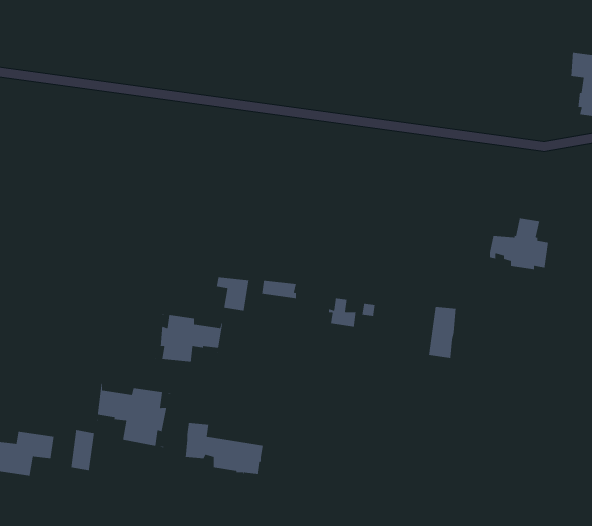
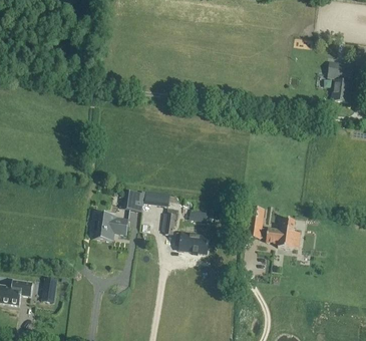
building: [489,217,549,270] -> [266,219,300,249]
building: [96,383,171,448] -> none
building: [185,422,264,475] -> [163,224,209,254]

